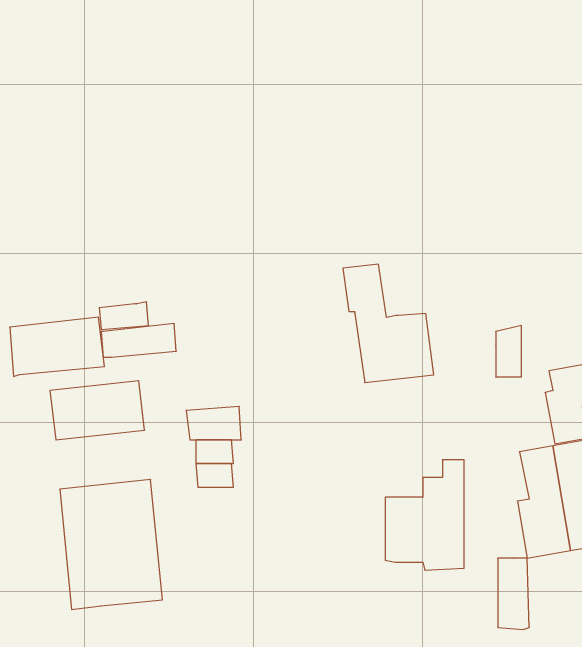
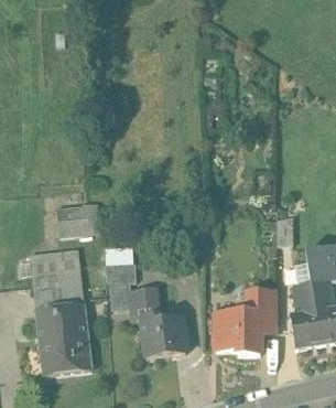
building: [343,264,434,383] -> [134,290,185,356]
building: [10,317,104,377] -> [32,276,85,309]
building: [498,558,529,629] -> [260,292,278,332]

